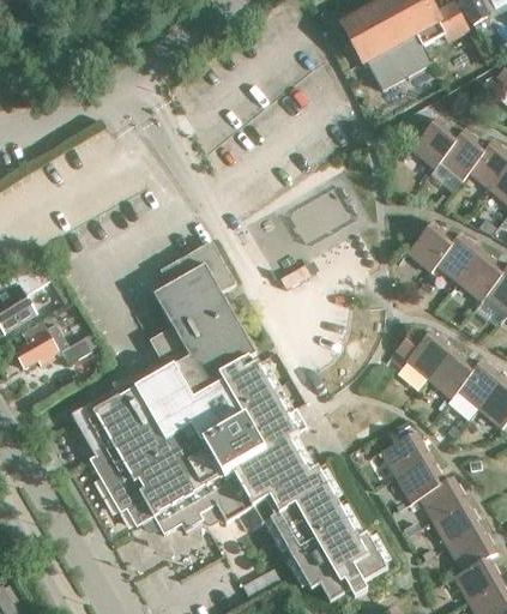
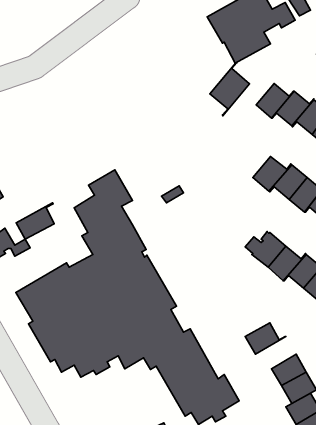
building: none -> [210,63,250,116]
building: none -> [16,203,54,239]
building: [381,432,430,477] -> none
building: [410,477,467,523] -> none

